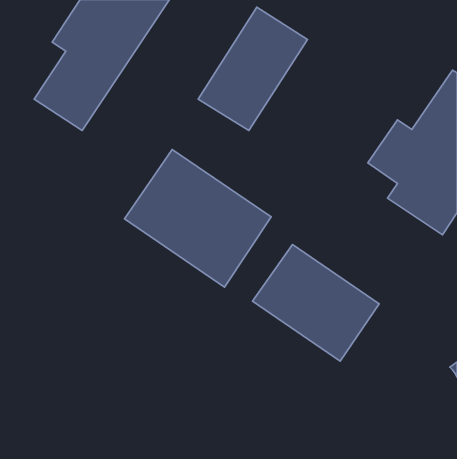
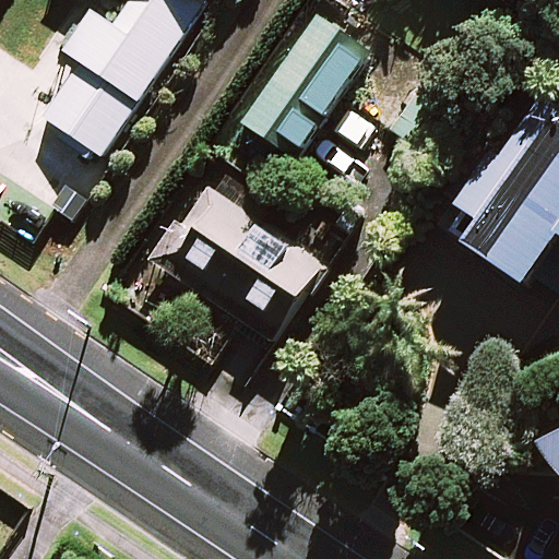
building: [253,244,379,361] -> none

